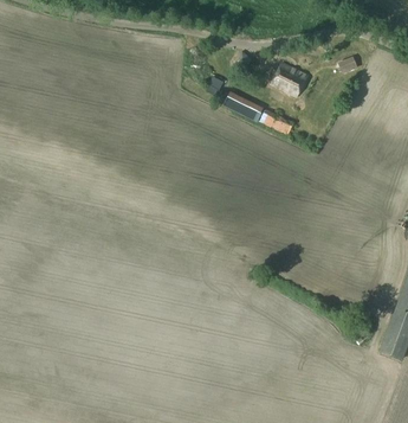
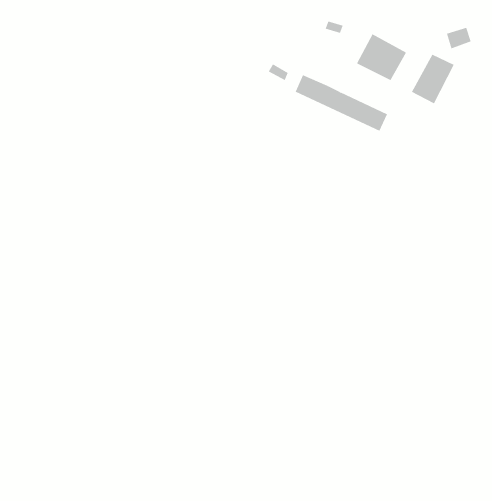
building: none -> [411,54,454,104]

